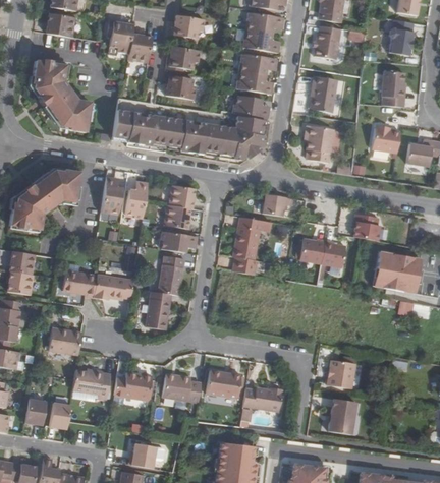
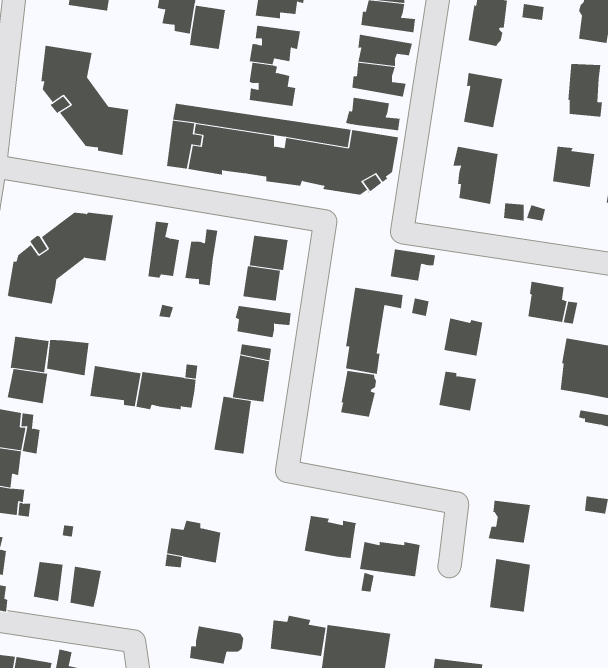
building: [320,242,345,268] -> [439,371,477,411]
building: none -> [46,339,89,376]
building: none -> [340,370,377,417]
building: [48,328,81,355] -> none
building: [72,370,110,401] -> none
building: [162,375,200,403] -> [270,615,326,657]

